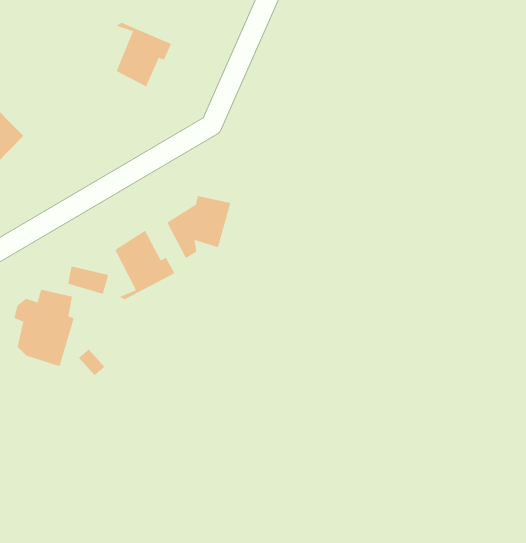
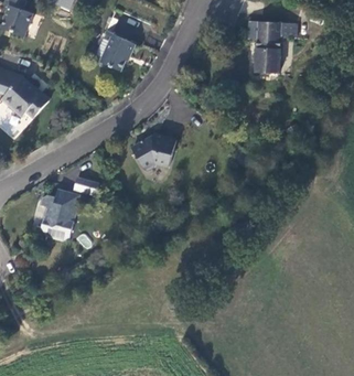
building: none -> [247,23,296,75]
building: [115,230,175,300] -> none

